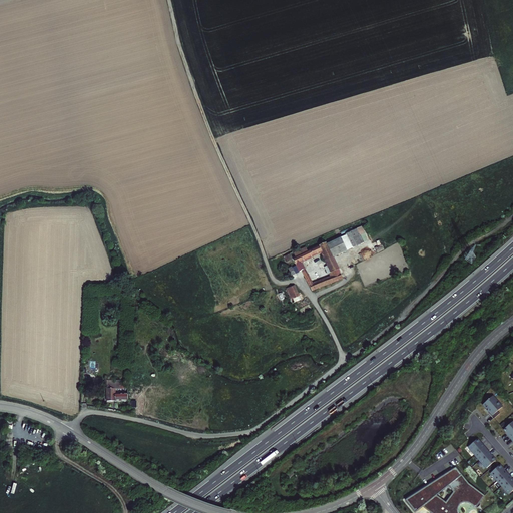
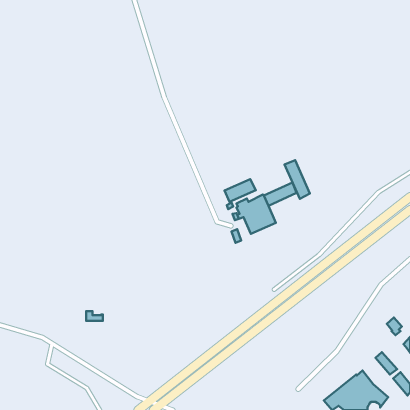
building: none -> [285,160,310,199]
building: none -> [225,179,256,202]

